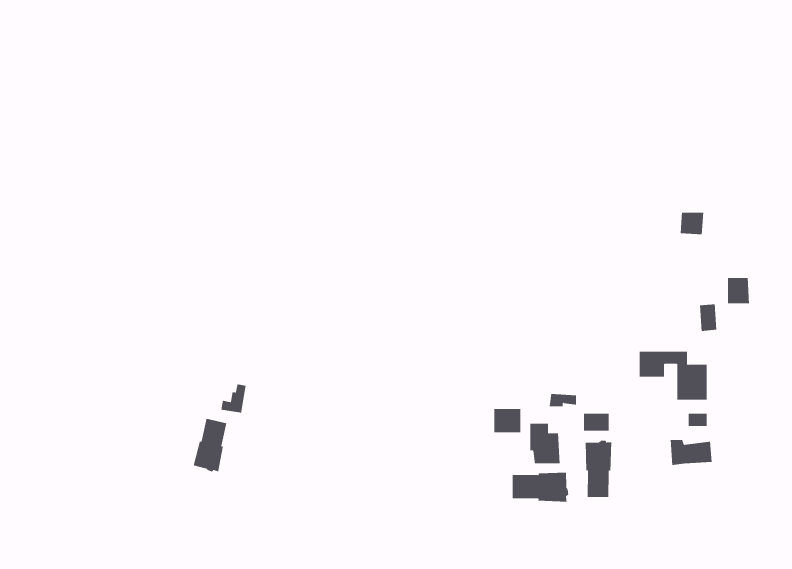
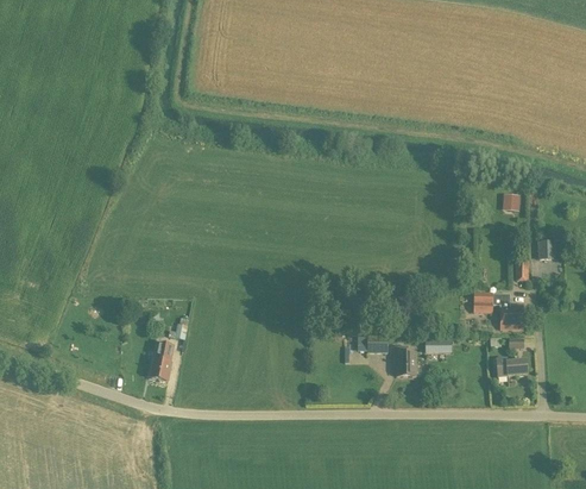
building: [585,440,612,498] -> none
building: [512,472,569,502] -> none

